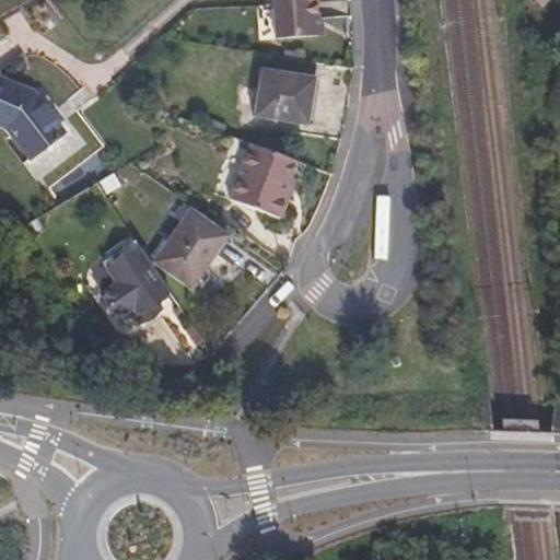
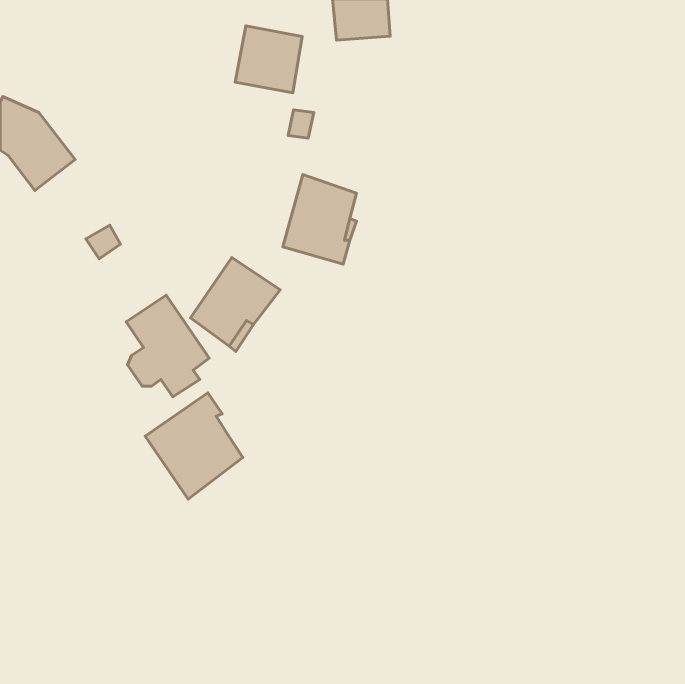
building: [261,69,316,124] -> [235,26,302,93]
building: none -> [145,393,243,499]

